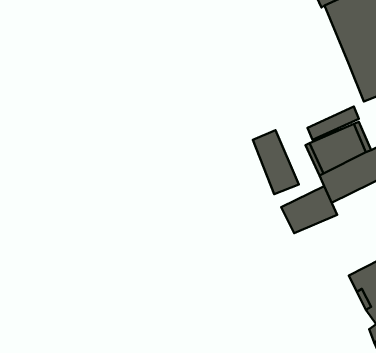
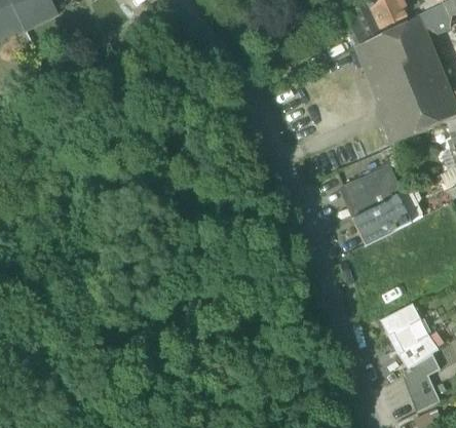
building: [253,130,299,194] -> none
building: [281,186,337,233] -> none

